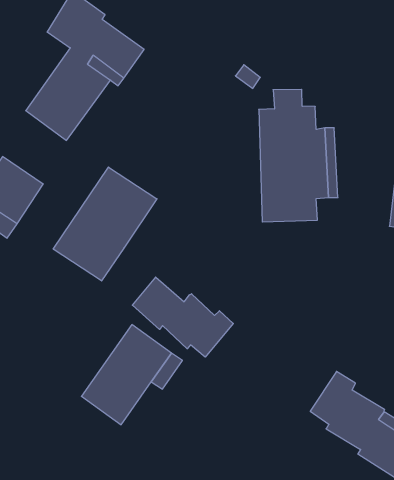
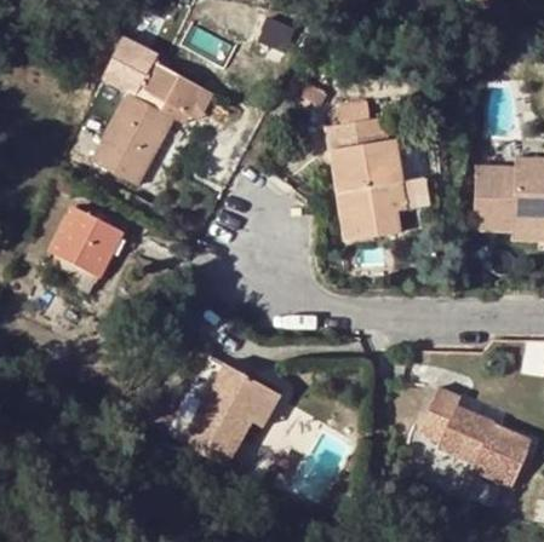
building: [53,167,157,281] -> none
building: [132,277,233,357] -> none

